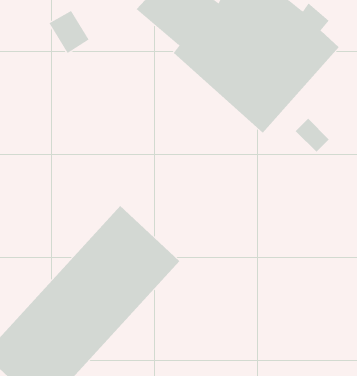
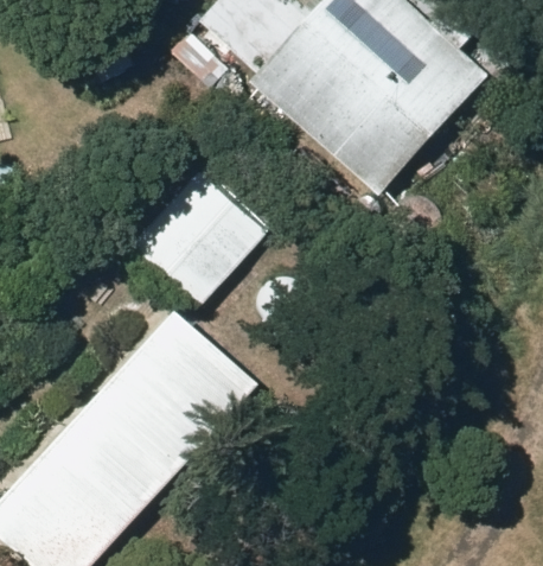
building: none -> [127,167,267,309]

